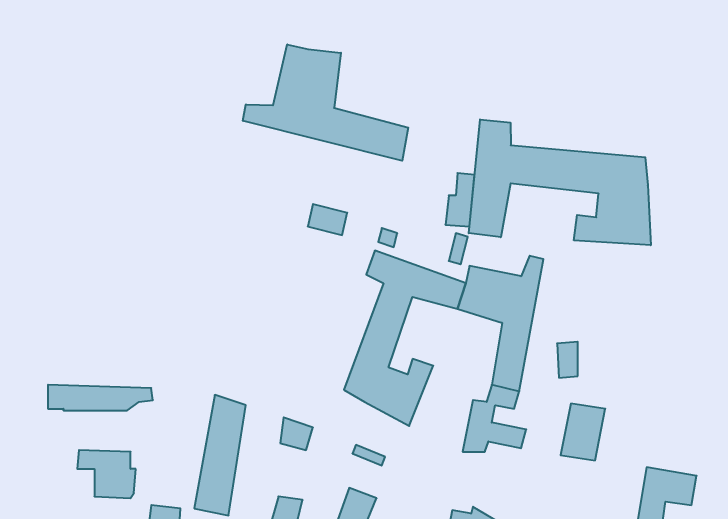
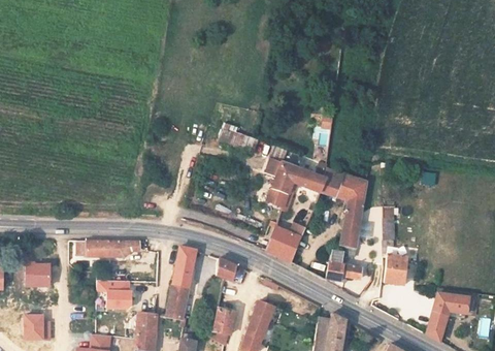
building: [243,44,408,161] -> none
building: [469,119,651,245] -> none

